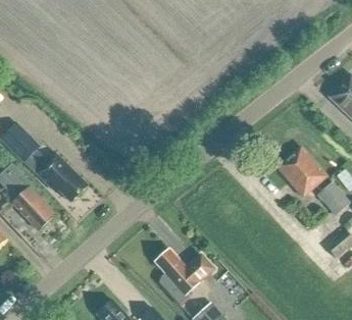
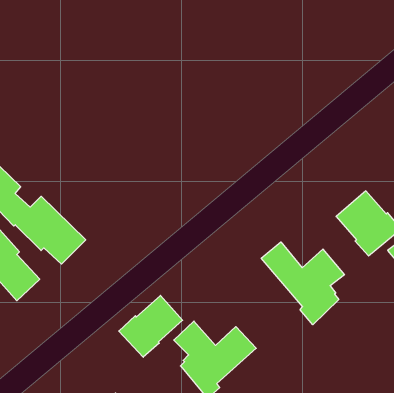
building: none -> [261,242,344,325]
building: none -> [119,295,183,357]

